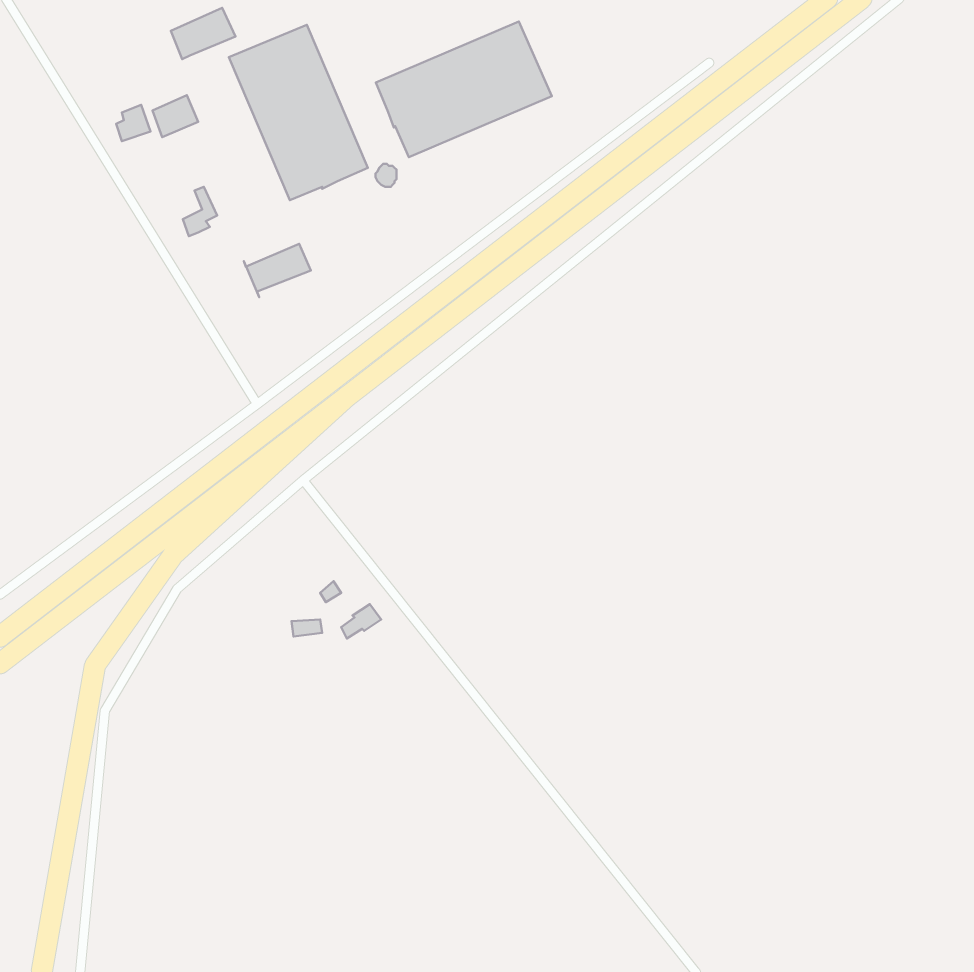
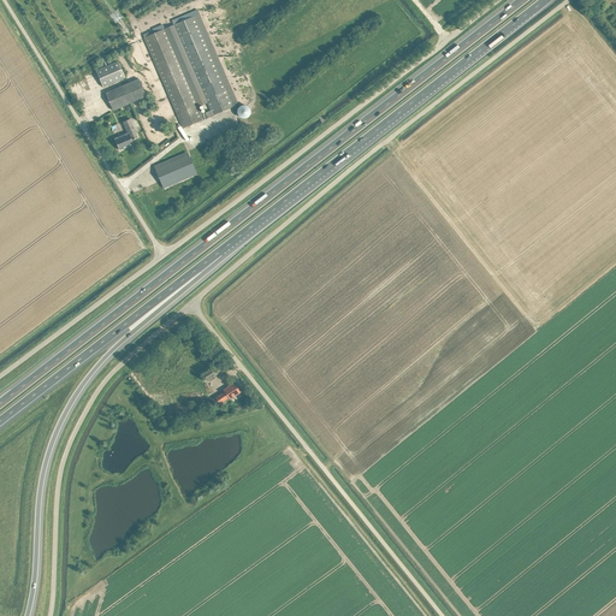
building: [171,8,236,59] -> [106,77,147,109]
building: [376,21,552,157] -> none

